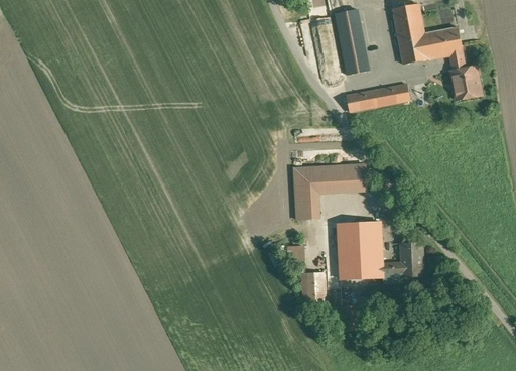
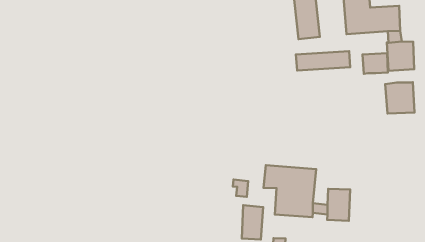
building: none -> [363,53,388,74]
building: none -> [385,82,414,113]
building: [292,164,367,220] -> none

